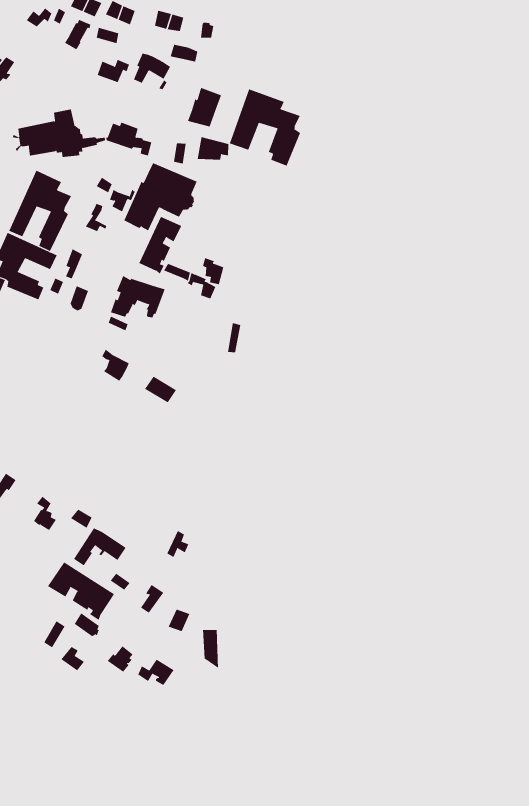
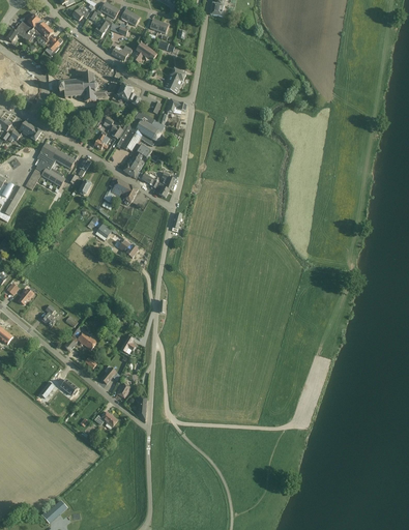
building: [229,89,301,166] -> none
building: [9,170,72,252] -> none
building: [47,561,115,621] -> none

